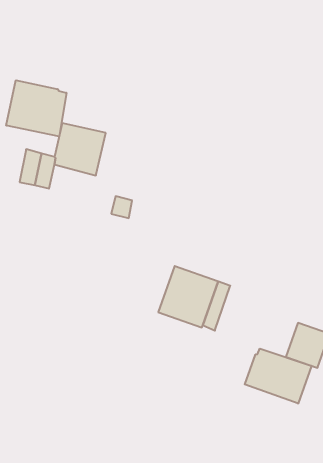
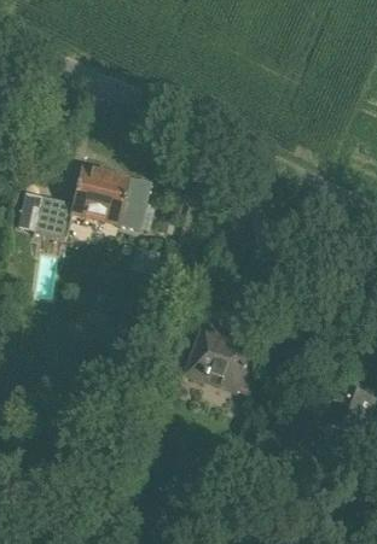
building: [6,80,66,137] -> none
building: none -> [117,177,150,228]
building: [245,349,311,404] -> none

